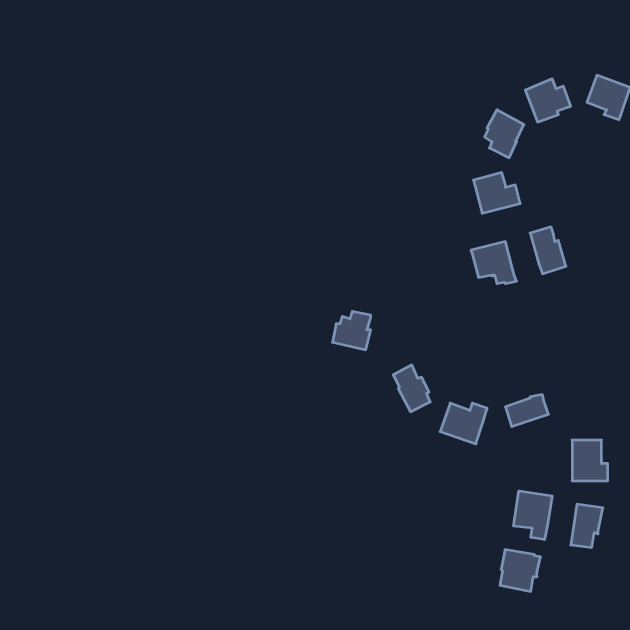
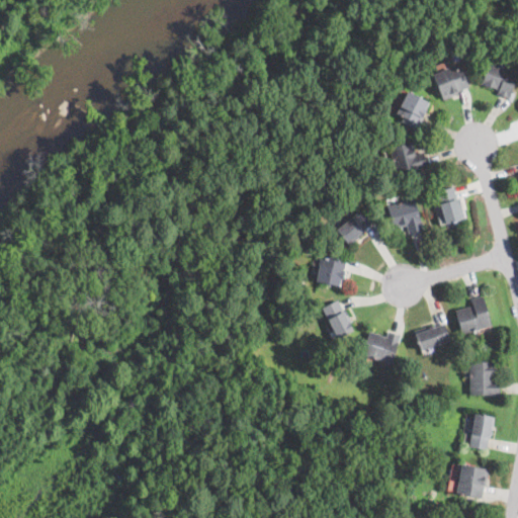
building: none -> [336,208,372,245]
building: [332,311,371,350] -> [315,255,346,286]
building: none -> [455,295,492,334]
building: [514,491,552,540] -> none
building: [500,550,541,591] -> [456,463,490,498]

